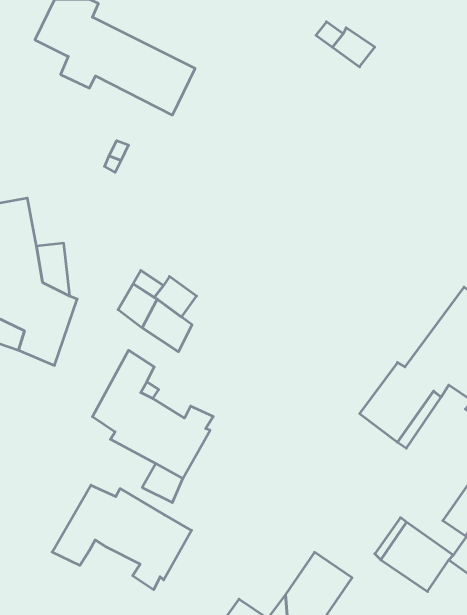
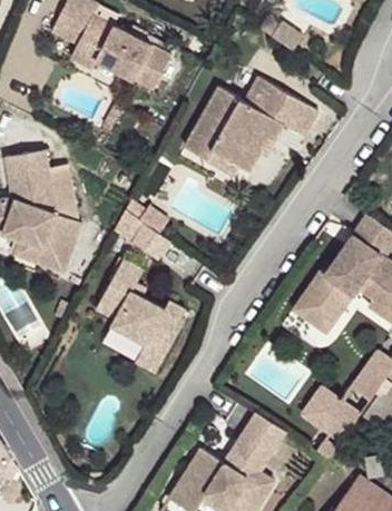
building: none -> [185,78,318,170]
building: [52,485,192,590] -> none

